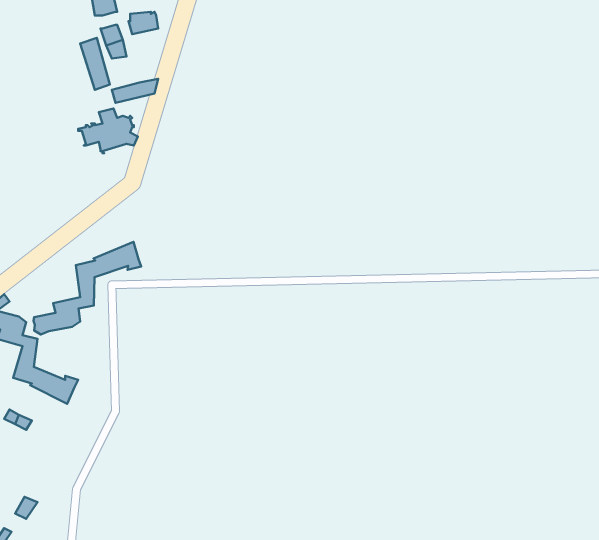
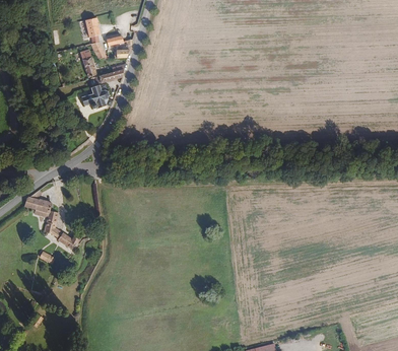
building: [34,242,141,334] -> none

